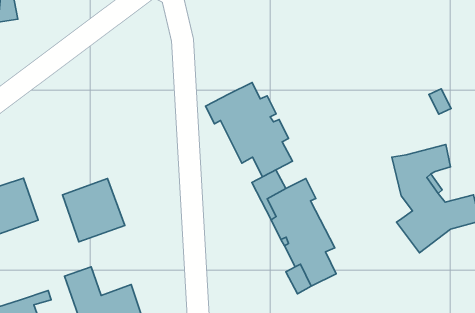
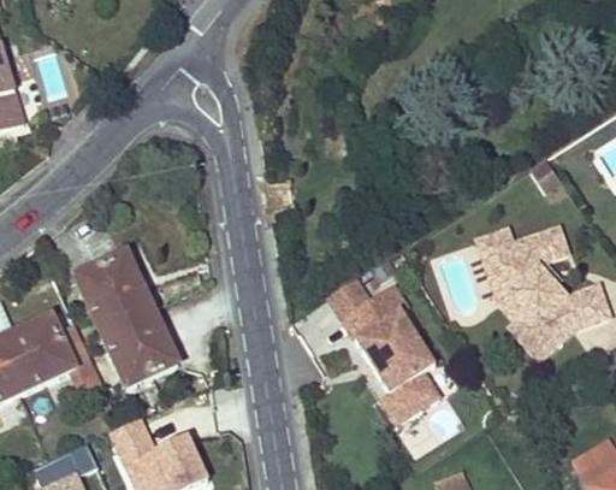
building: [205,83,292,177] -> none
building: none -> [75,252,153,331]
building: none -> [476,228,527,320]

